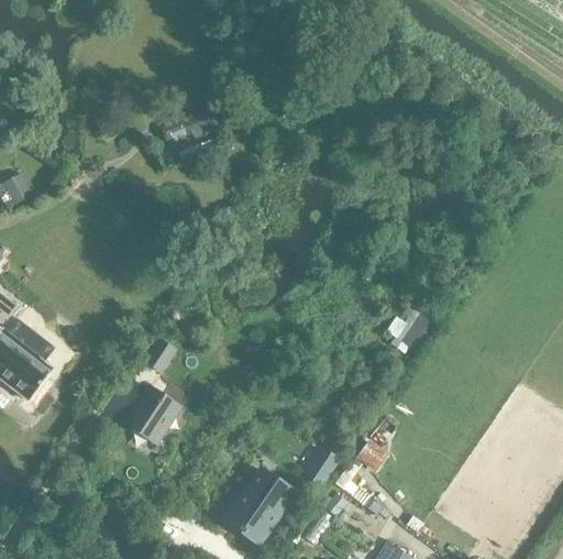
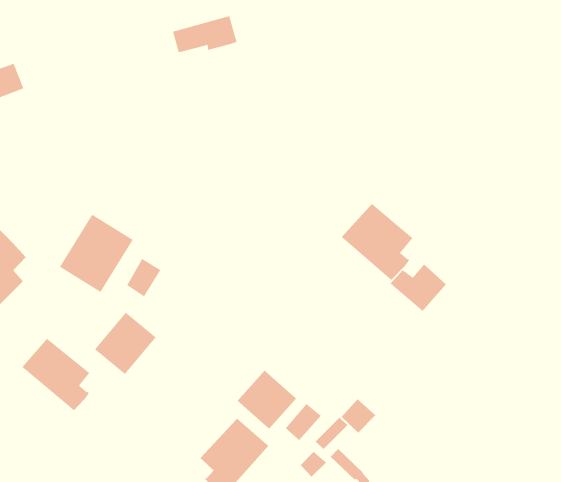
building: none -> [341,202,415,281]
building: none -> [59,214,133,293]
building: none -> [21,337,91,411]
building: none -> [237,370,297,430]

